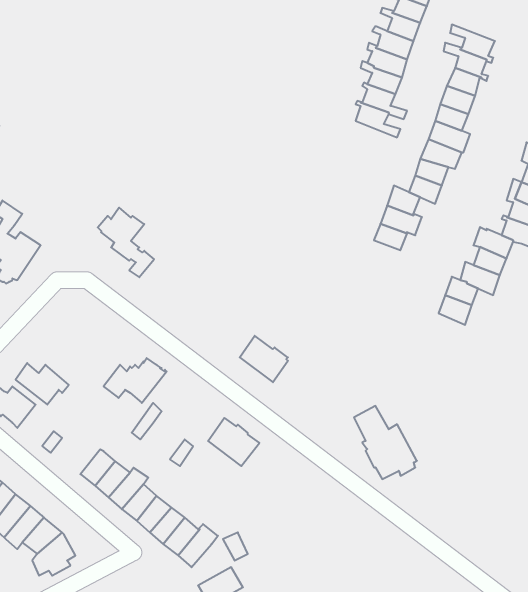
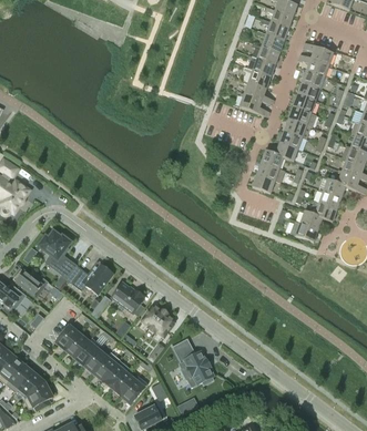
building: [98,208,154,277] -> [39,230,77,277]
building: [240,336,288,382] -> [111,281,143,312]
building: [354,406,417,479] -> [172,338,214,387]

